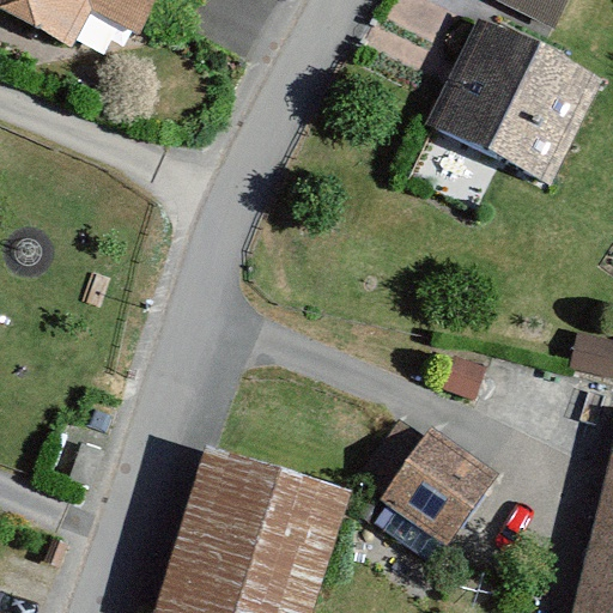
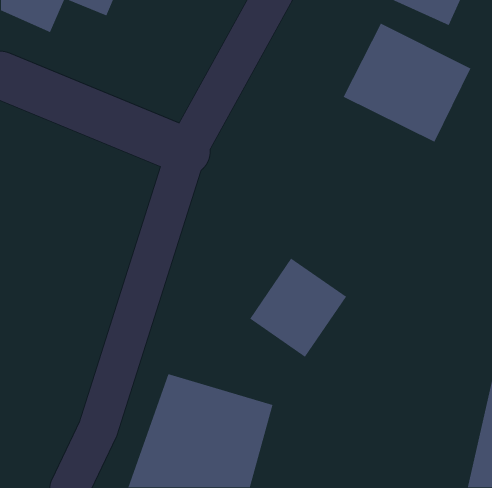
building: [376,426,497,550] -> [249,258,347,358]

